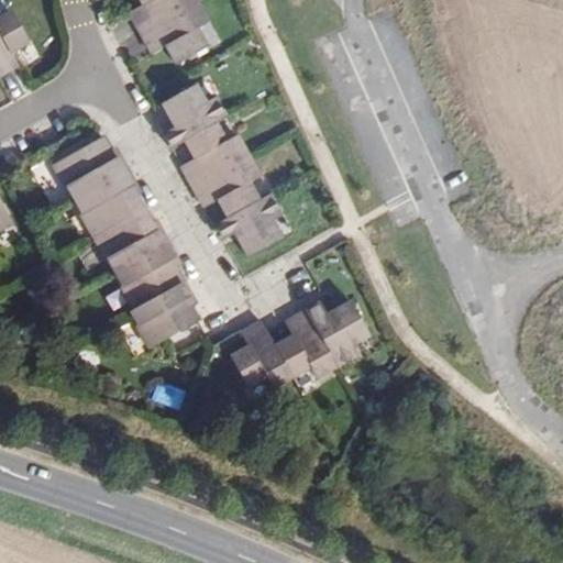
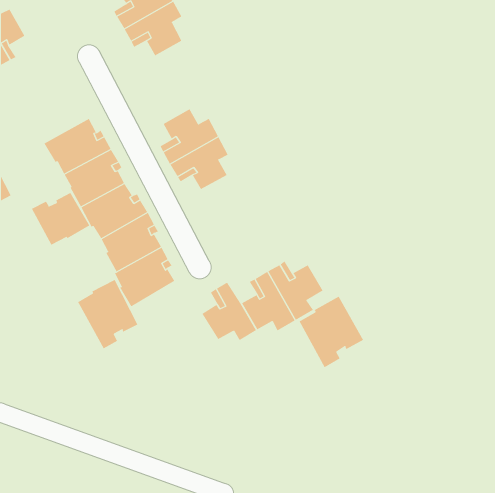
building: [162,84,227,148] -> none
building: [213,192,282,256] -> none
building: none -> [31,192,90,245]
building: none -> [77,279,138,349]
building: none -> [299,296,364,368]

